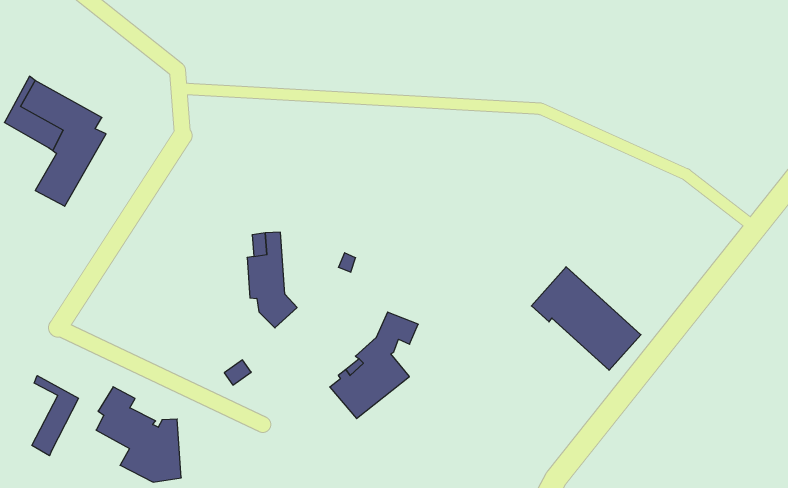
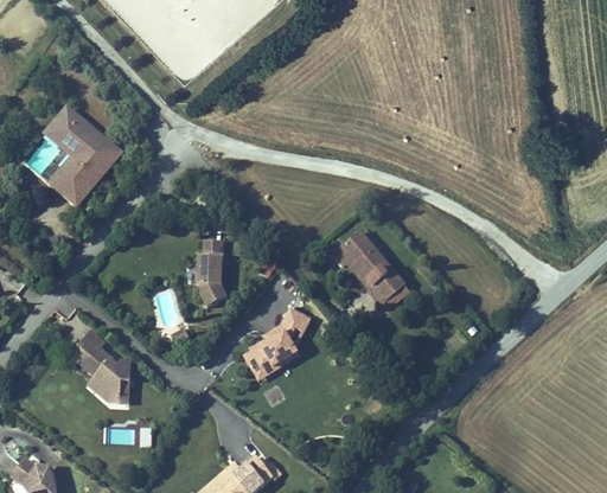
building: none -> [49,141,123,207]
building: [531,267,641,370] -> [332,228,405,305]
building: [32,376,78,456] -> none

